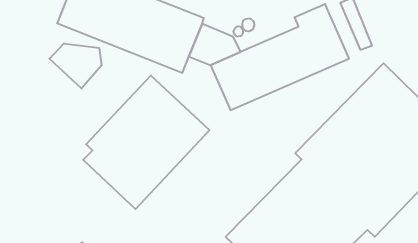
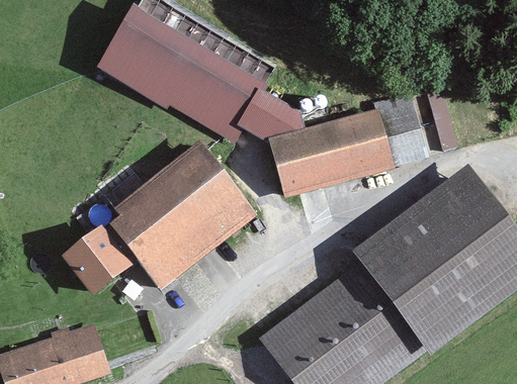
building: [49,43,102,89] -> none
building: none -> [63,227,135,299]

